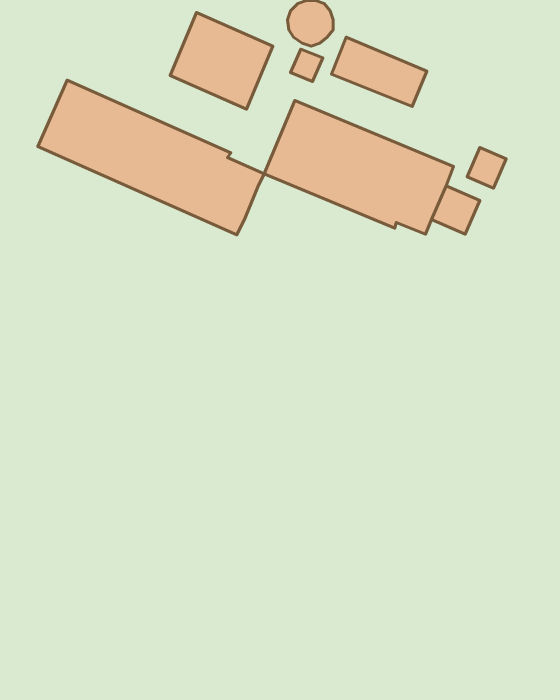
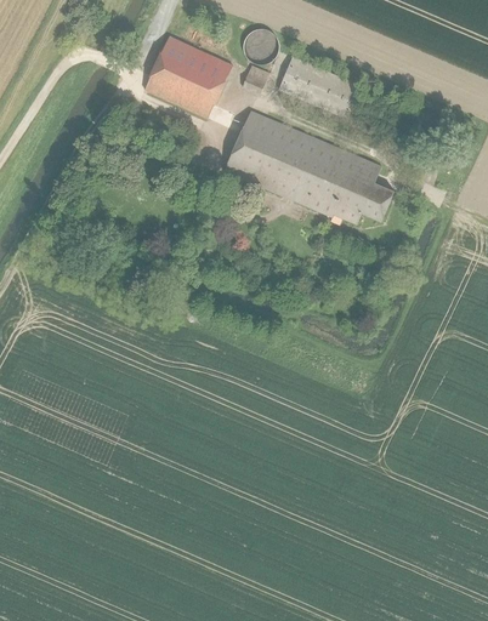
building: [38,80,264,235] -> none
building: [467,148,506,188] -> none

